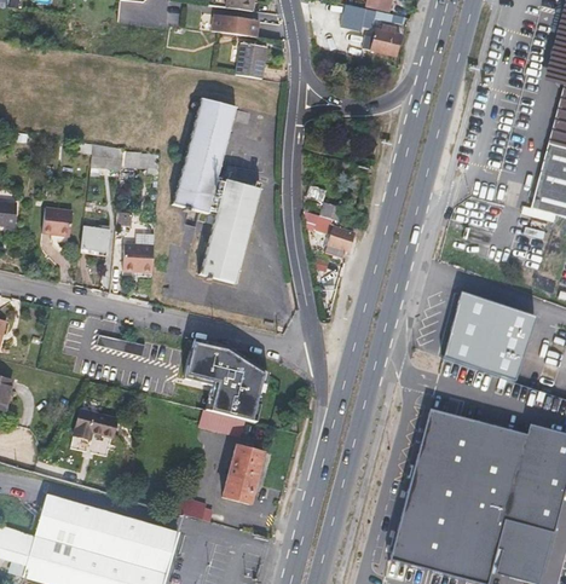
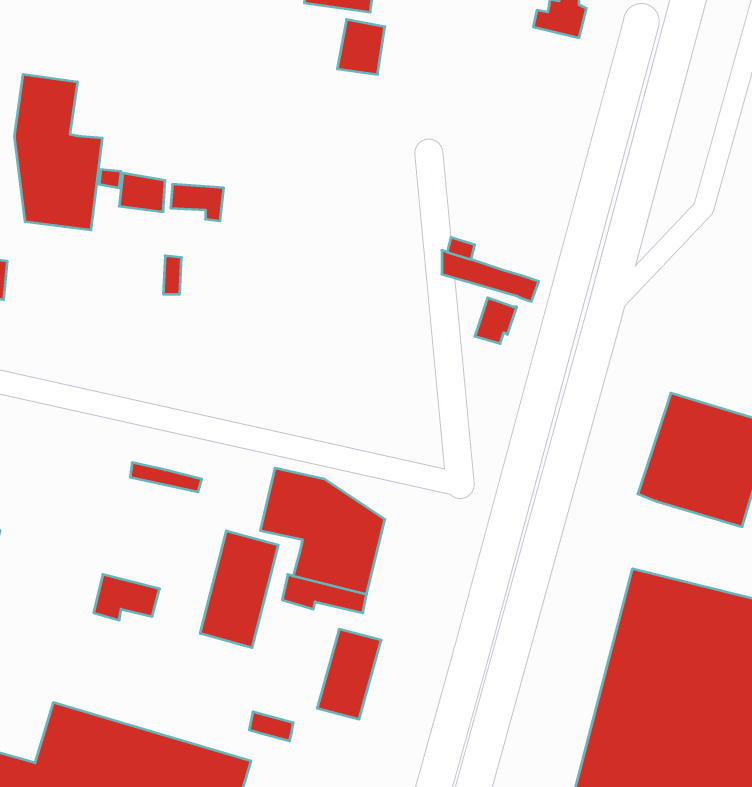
building: none -> [15,74,102,230]
building: [174,99,261,284] -> none
building: [44,208,74,237] -> none
building: [82,227,110,251] -> none
building: [125,247,155,273] -> none
building: none -> [200,531,278,648]

